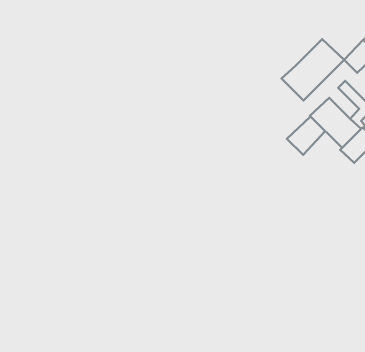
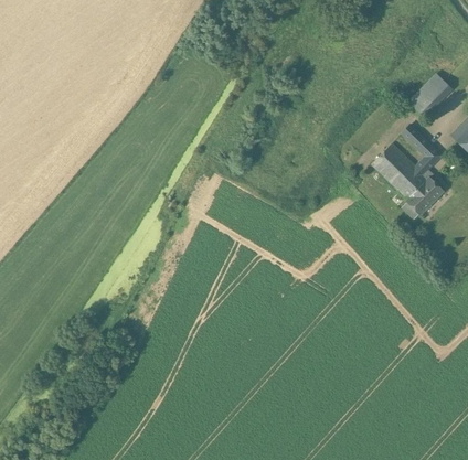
building: [282,39,344,100] -> none
building: [287,116,325,155] -> none

